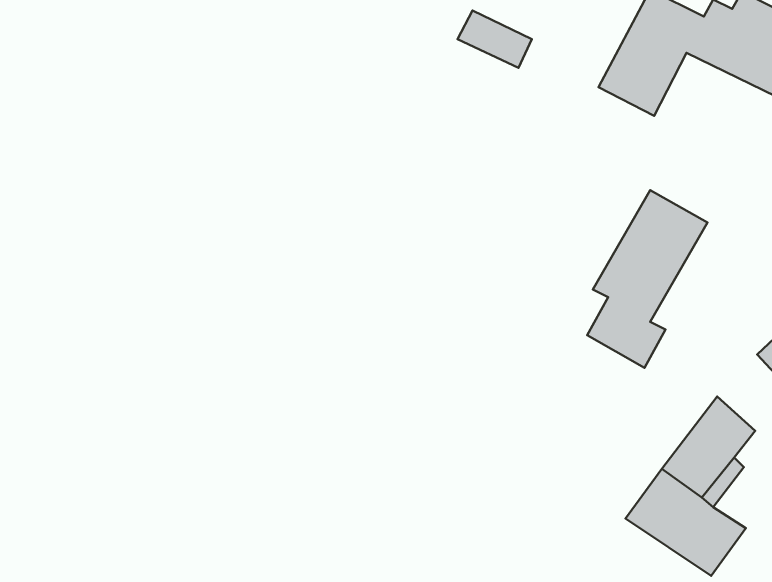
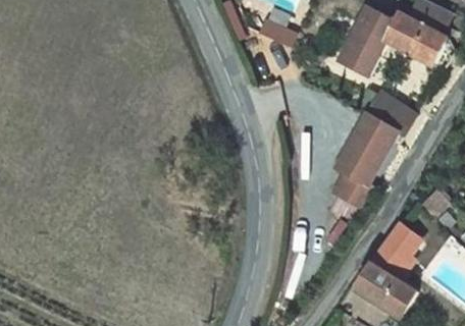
building: none -> [365,90,415,133]

